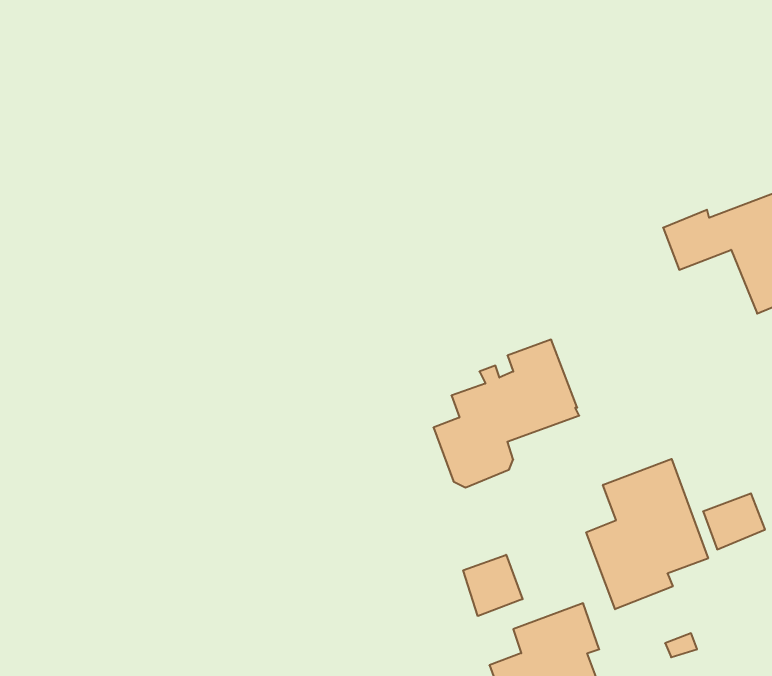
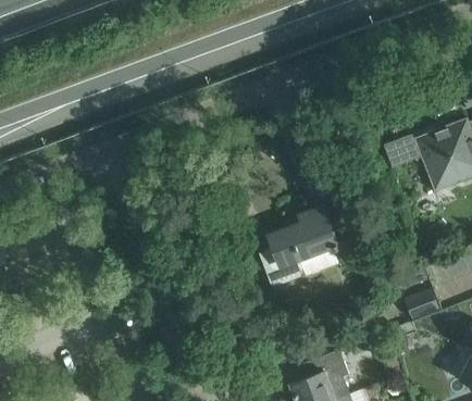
building: [586,459,708,609] -> none
building: [463,555,523,616] -> none

